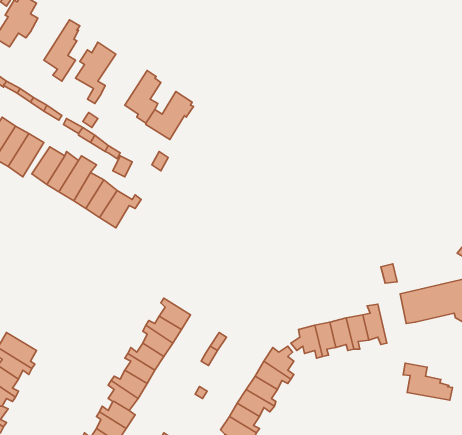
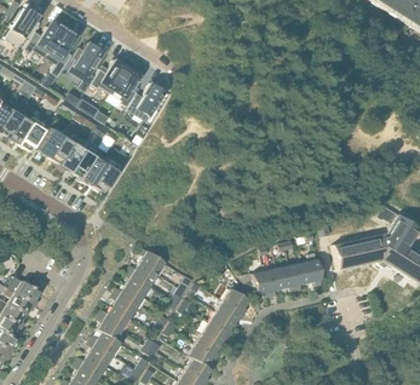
building: none -> [27,18,68,56]
building: none -> [93,58,131,92]
building: [403,363,453,400] -> none

